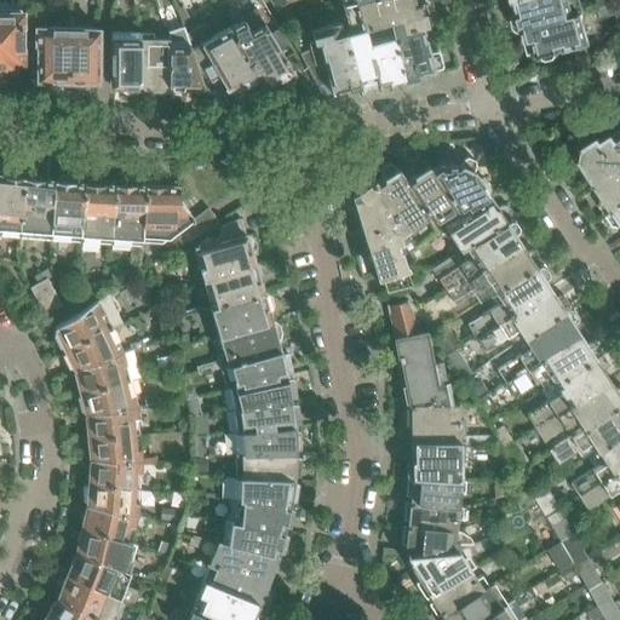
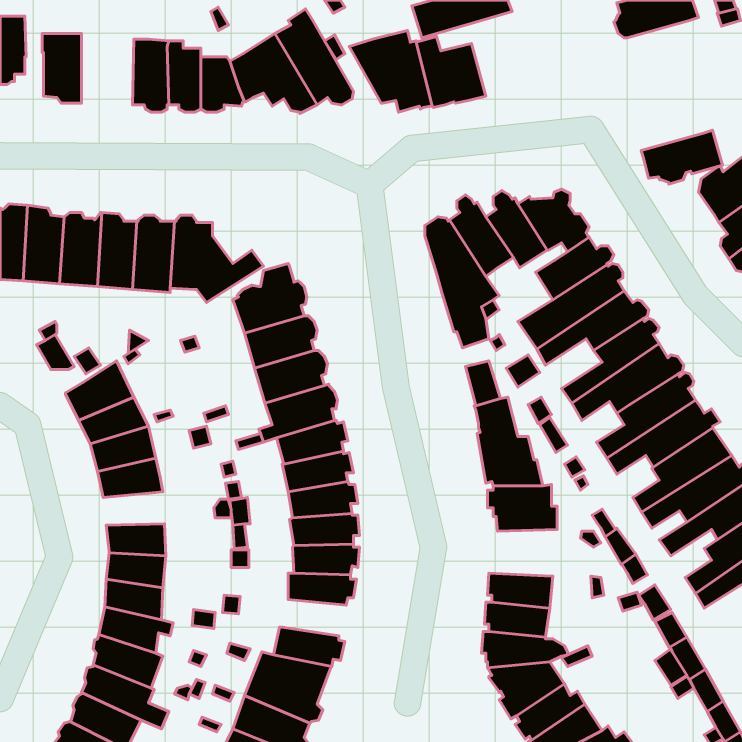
building: [390,15,443,85] -> none
building: [523,16,591,61] -> [641,130,723,184]
building: [69,29,99,88] -> none
building: [87,411,138,438] -> none
building: [408,442,465,481] -> none
building: [236,500,293,530] -> none

